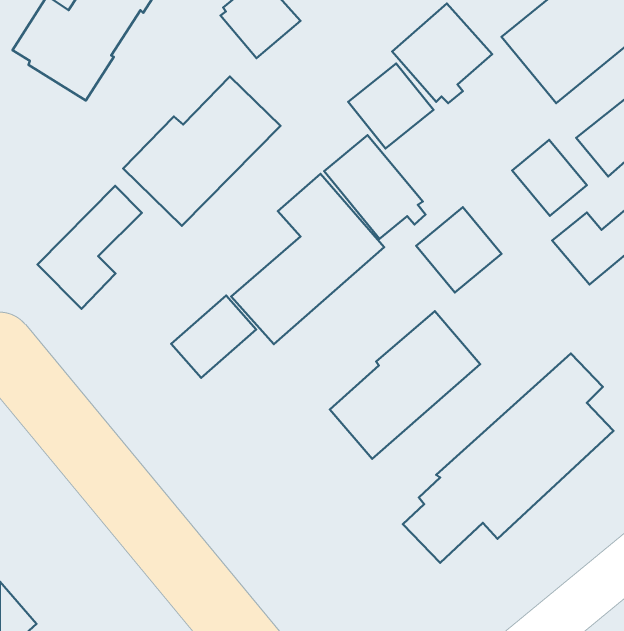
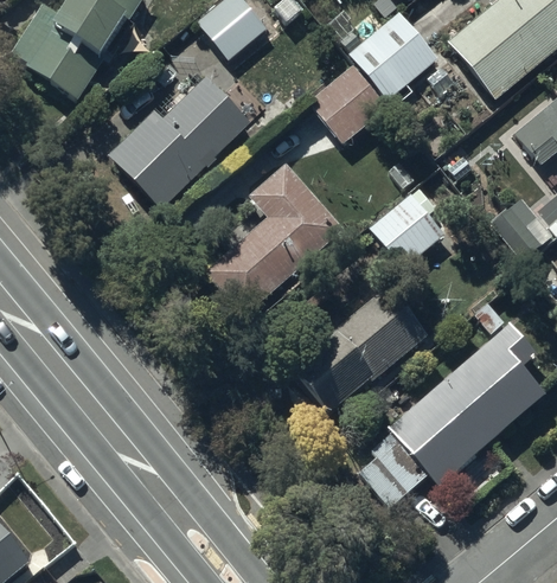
building: [324,135,425,239] -> none
building: [512,140,587,216] -> none
building: [38,186,142,309] -> none
building: [171,295,256,378] -> none

